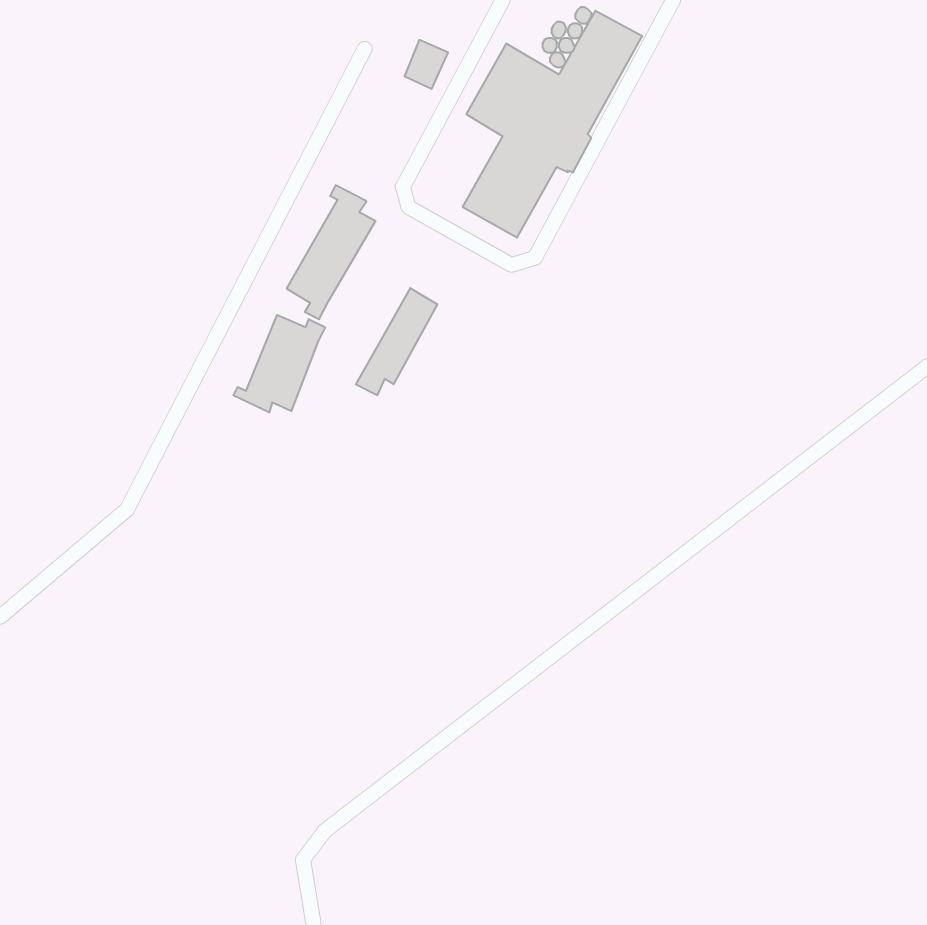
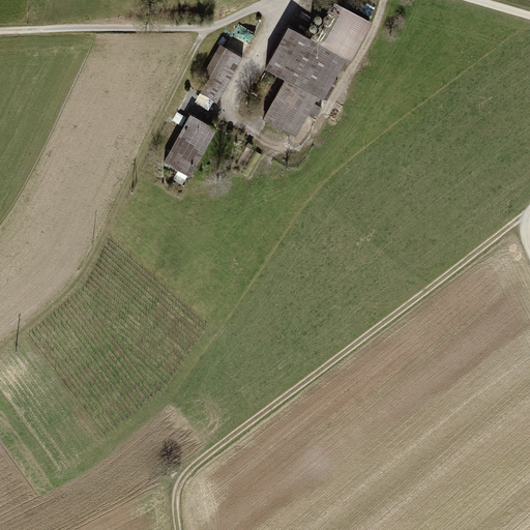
building: [356,288,437,395] -> [196,48,242,109]
building: [234,315,325,413] -> none

